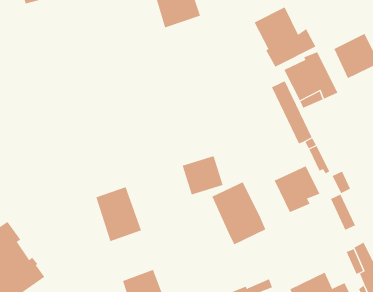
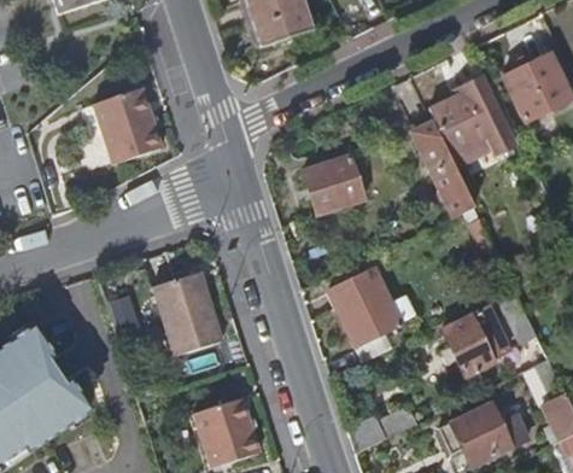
building: [254,7,316,67] -> none
building: none -> [97,93,165,165]
building: [182,156,223,195] -> [300,154,361,212]
building: [274,166,320,213] -> [443,304,510,373]

